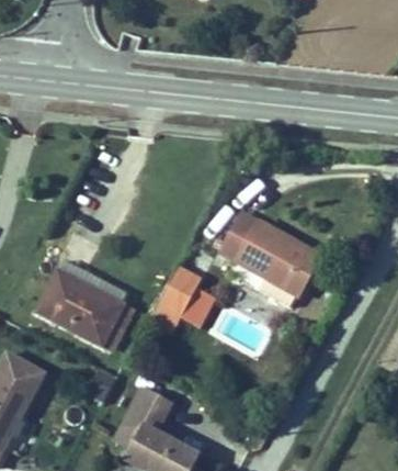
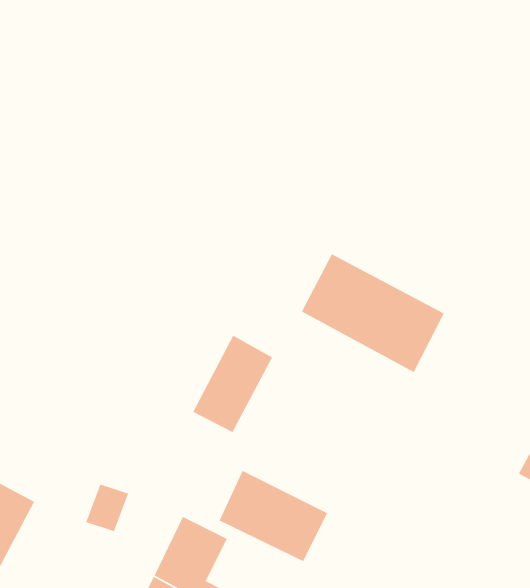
building: [43,268,129,343] -> none
building: none -> [219,470,328,562]

